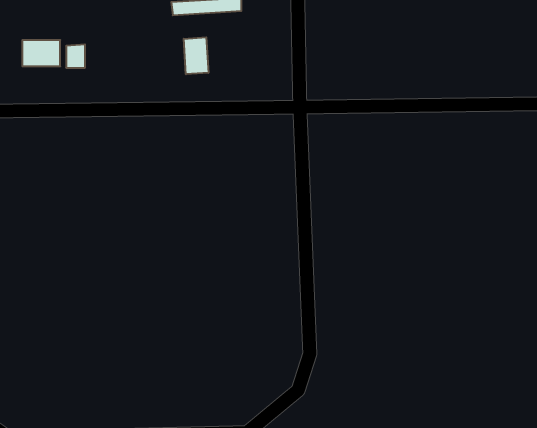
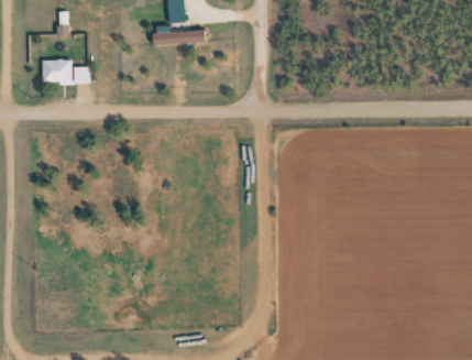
building: [184,37,208,74] -> none

